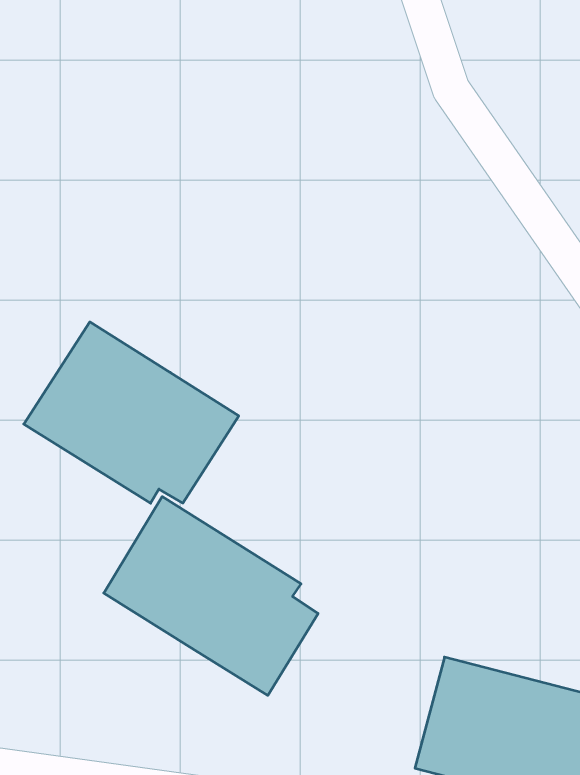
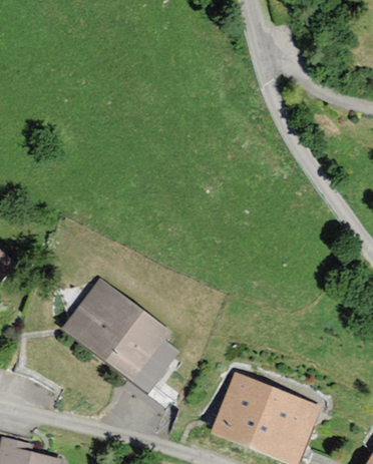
building: [24,322,239,503] -> none

